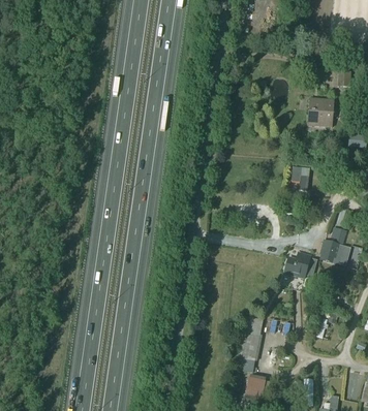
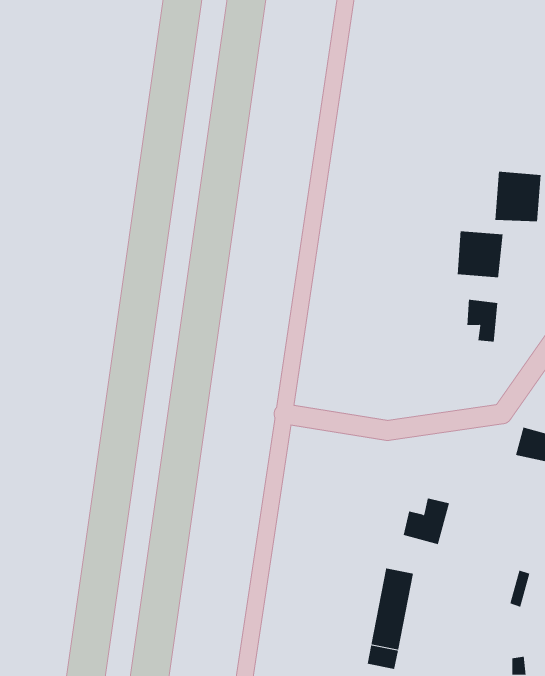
building: none -> [457,231,503,278]
building: [285,251,311,277] -> [403,498,450,545]

